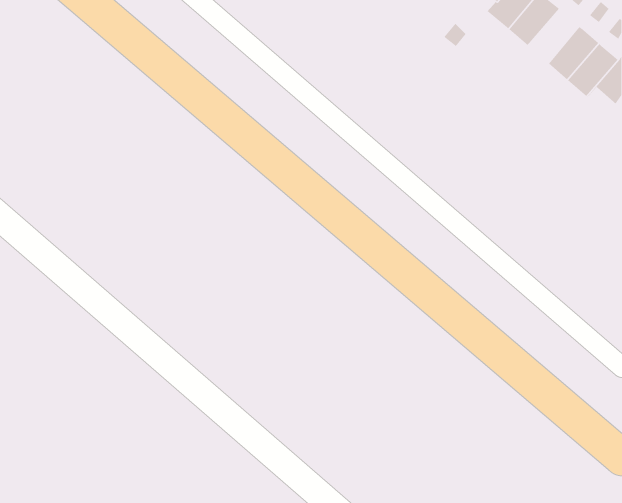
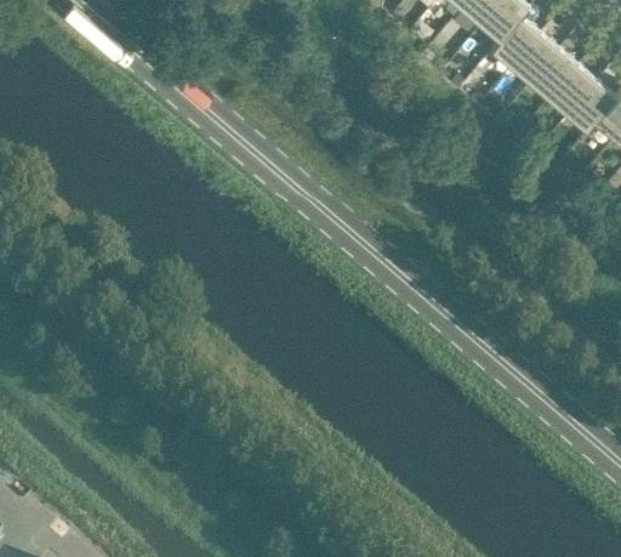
building: none -> [522,41,570,93]

